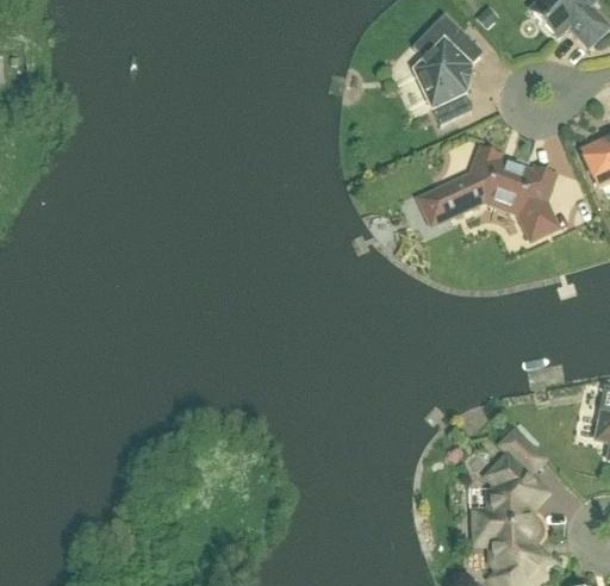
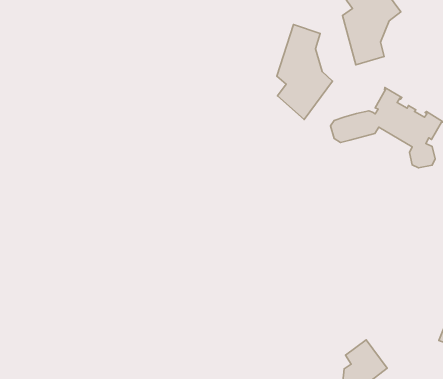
building: none -> [277,24,333,119]

